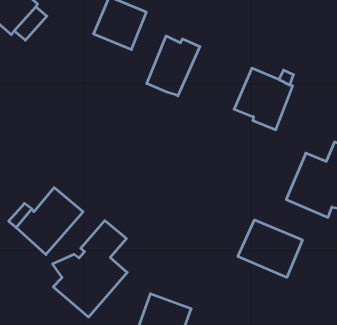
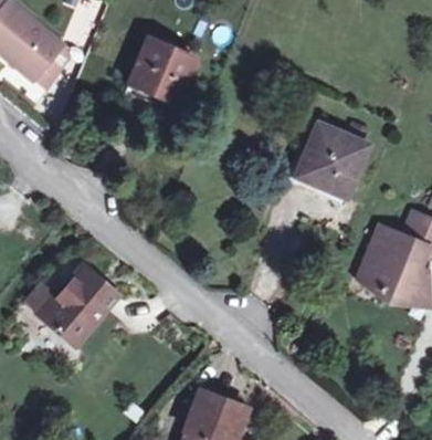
building: [147,36,200,96] -> none
building: [238,220,302,277] -> none
building: [53,221,127,317] -> none

